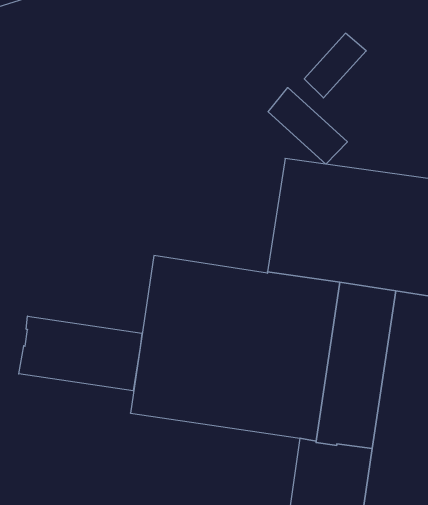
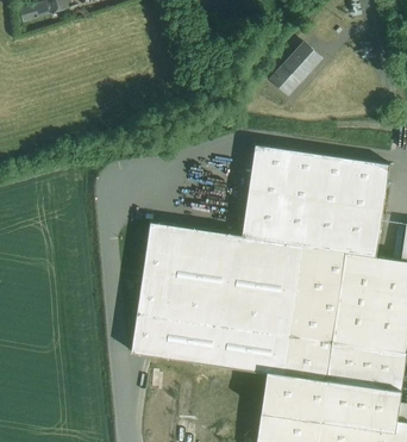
building: [268,88,347,164] -> none
building: [19,316,142,391] -> none

